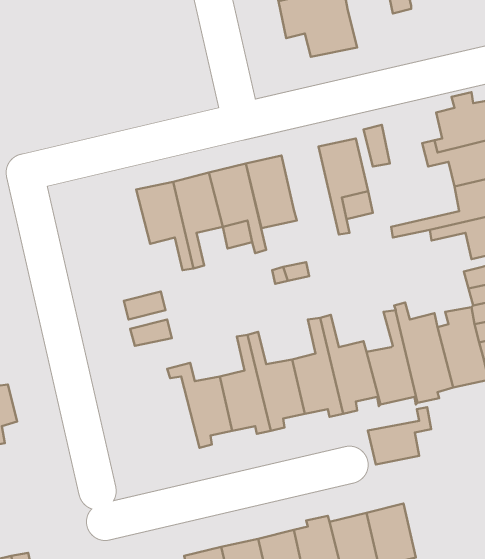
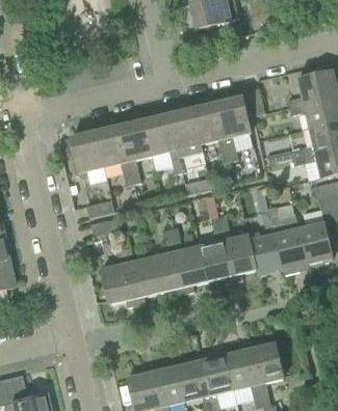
building: none -> [192,101,231,162]
building: none -> [58,130,104,179]
building: none -> [102,255,137,305]
building: [368,407,431,465] -> none

